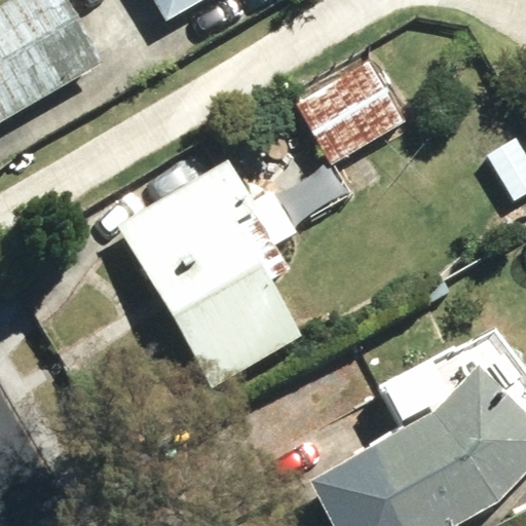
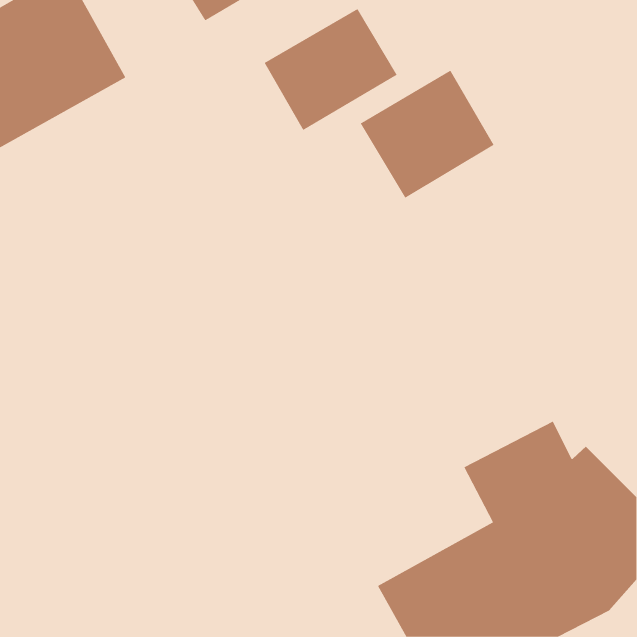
building: none -> [264,8,397,131]
building: [118,160,303,386] -> none

